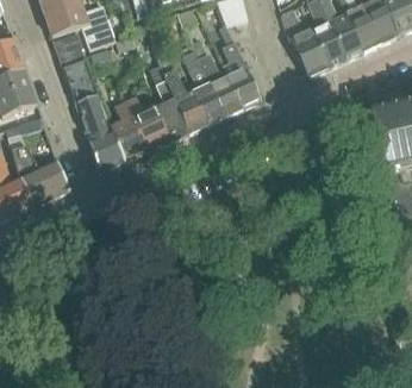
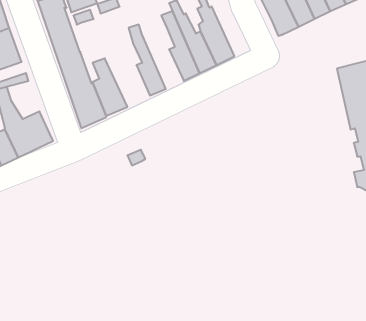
building: [156,50,207,133] -> none
building: [124,95,171,152] -> none

